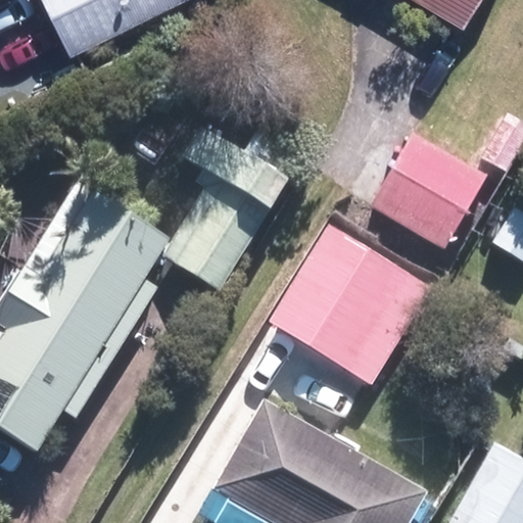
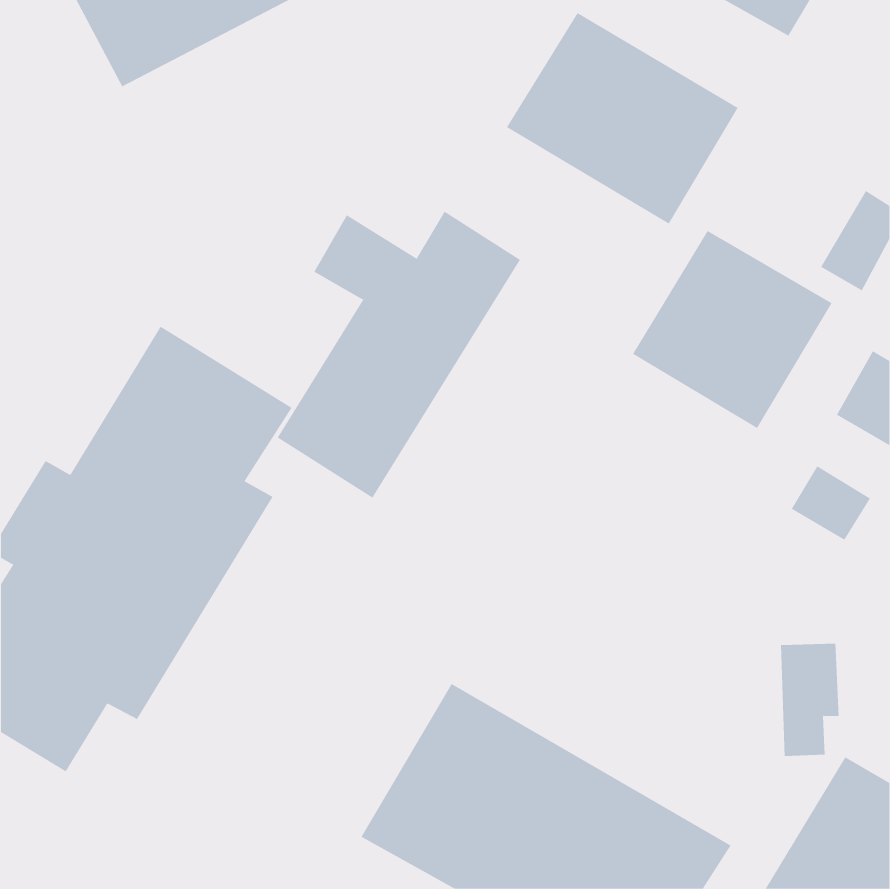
building: none -> [506,12,739,224]
building: [267,224,409,374] -> none

